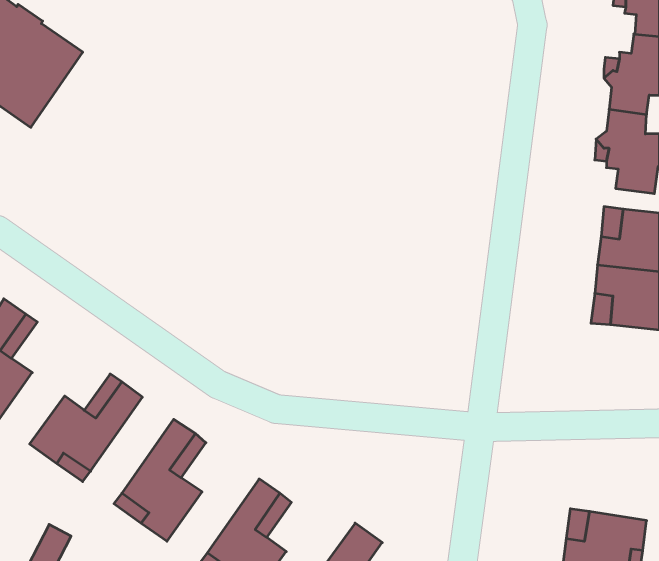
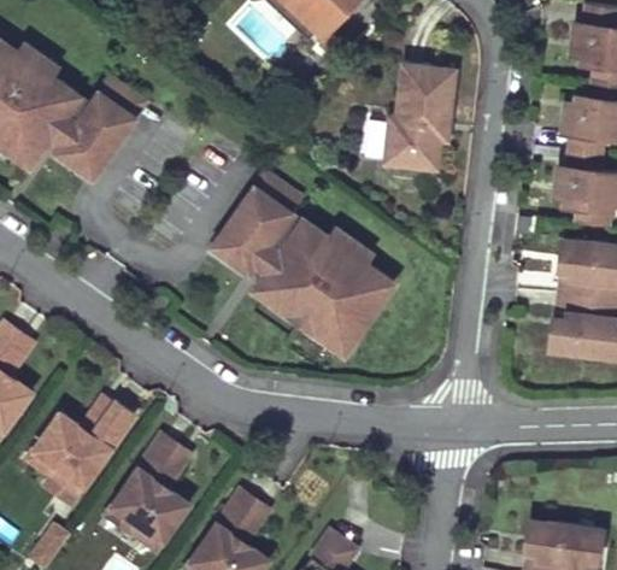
building: none -> [383,65,453,169]
building: none -> [58,78,143,171]
building: none -> [217,174,301,270]
building: none -> [254,218,394,351]

